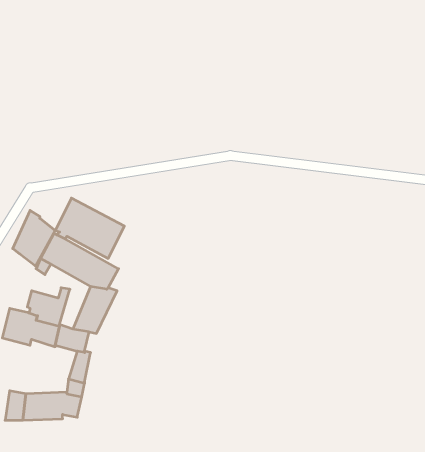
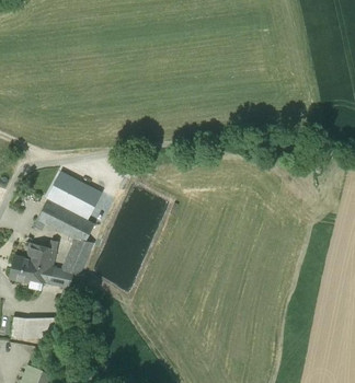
building: [13,210,55,266] -> none

